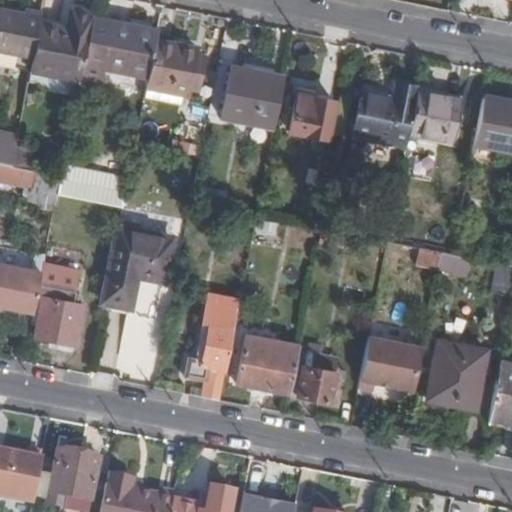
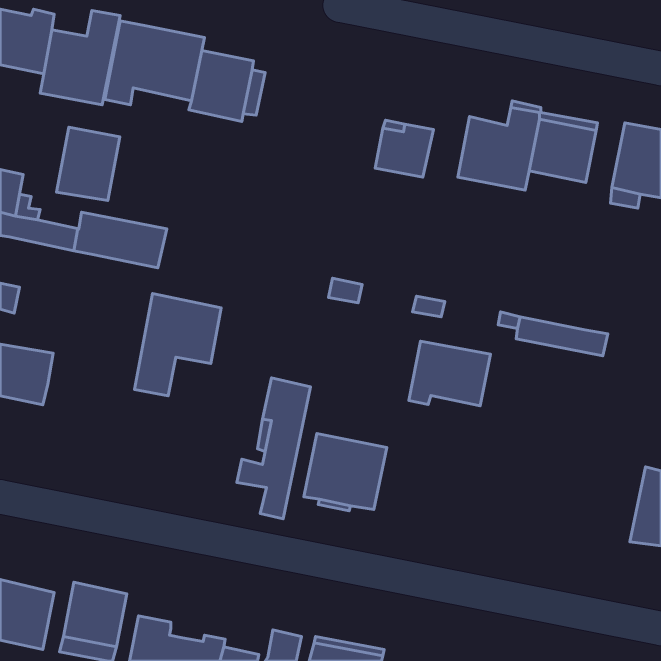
building: [222,66,284,128] -> none
building: none -> [56,127,120,200]
building: [34,265,83,350] -> none
building: [426,339,486,408] -> none
building: [358,341,421,391] -> [409,341,490,406]
building: [297,352,335,402] -> none

